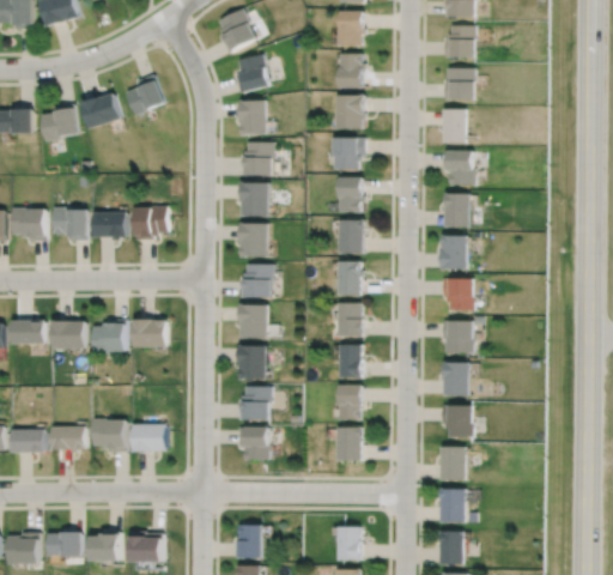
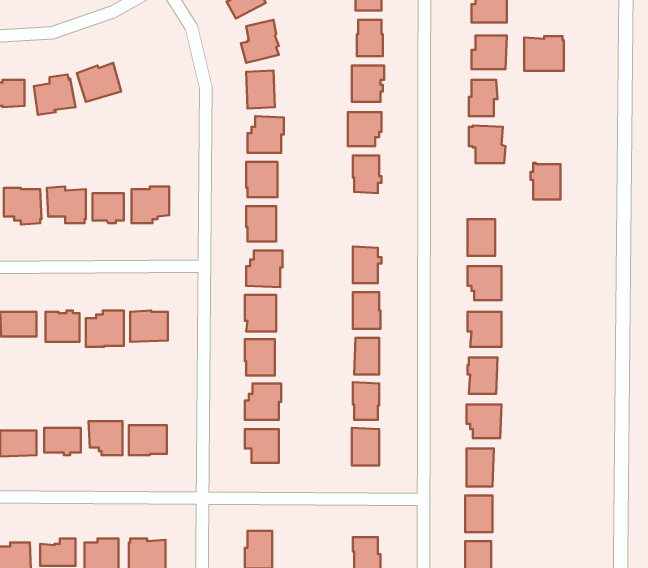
building: none -> [524,36,564,71]
building: [127,73,165,114] -> none
building: [443,193,471,226] -> [531,163,561,199]
building: [336,220,363,253] -> none

